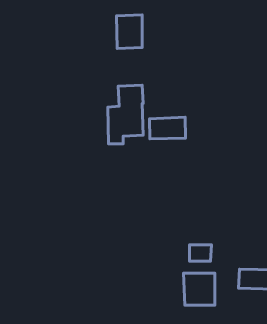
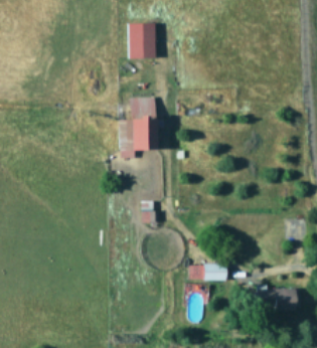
building: [150,117,185,139] -> none
building: [184,273,215,305] -> none

